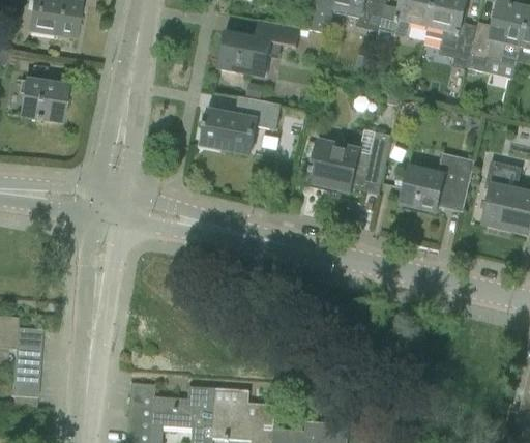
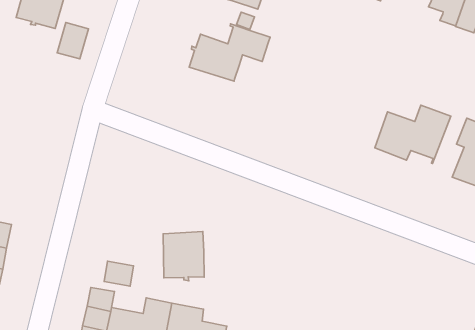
building: none -> [57,23,89,59]
building: [310,131,393,194] -> none
building: none -> [163,232,204,281]
building: none -> [104,261,134,286]

